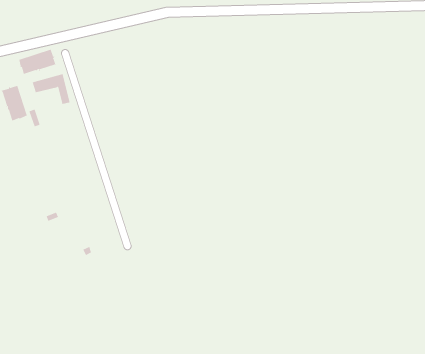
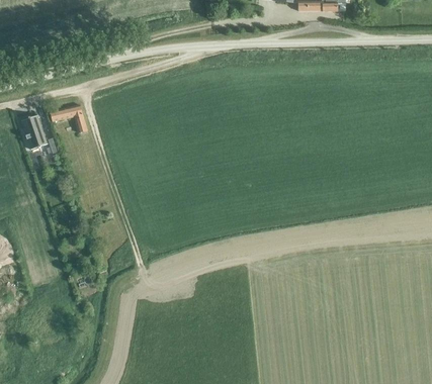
building: [18,49,56,76] -> none

